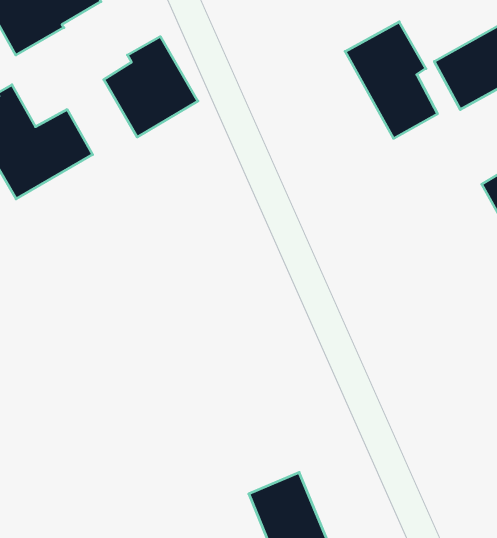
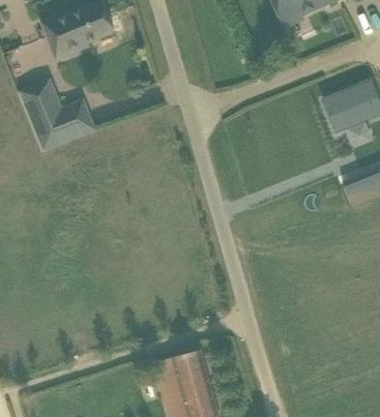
building: [345,22,437,138] -> none
building: [104,37,198,137] -> none

